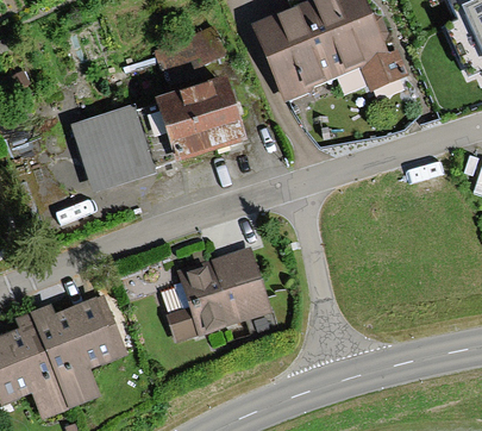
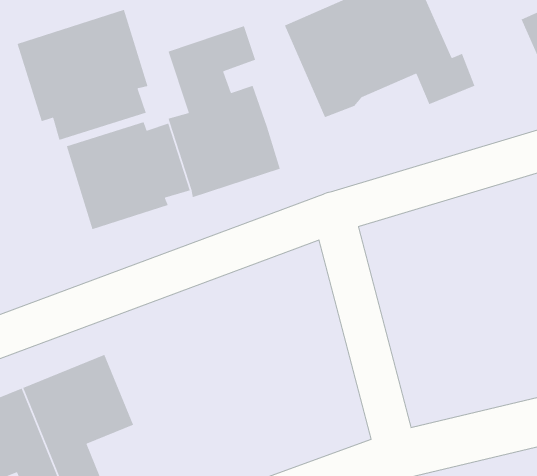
building: none -> [16,9,148,141]
building: [165,245,273,342] -> none

